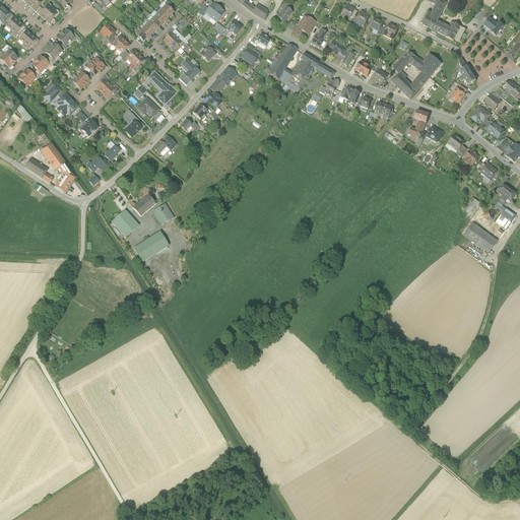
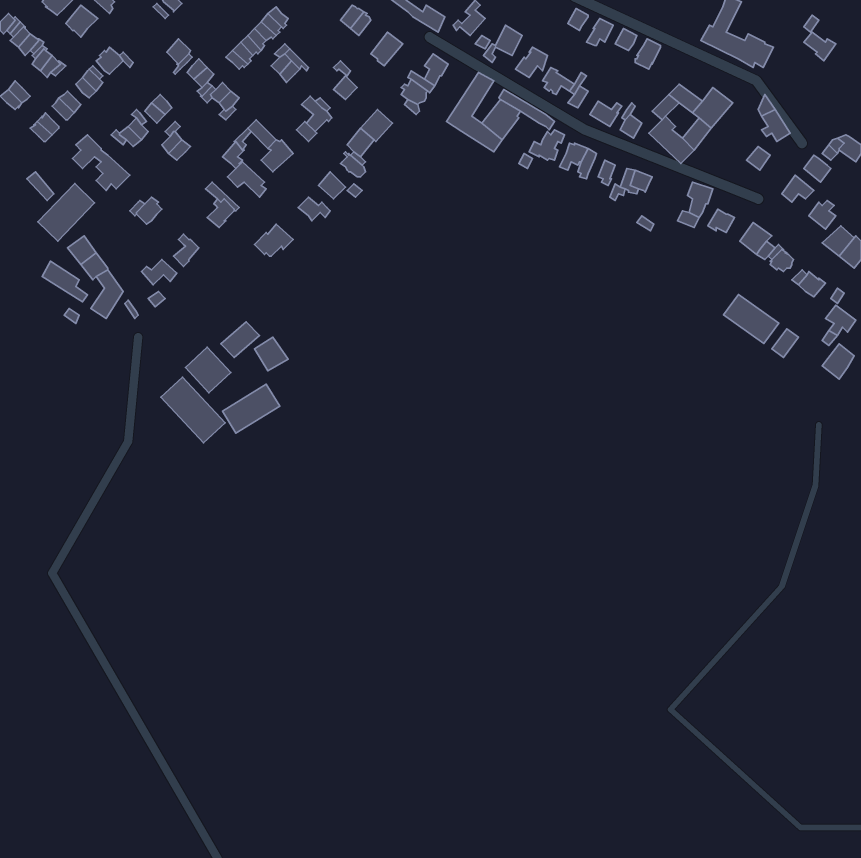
building: none -> [38,184,95,241]
building: [464,222,498,252] -> [723,295,779,343]
building: none -> [161,377,225,443]

